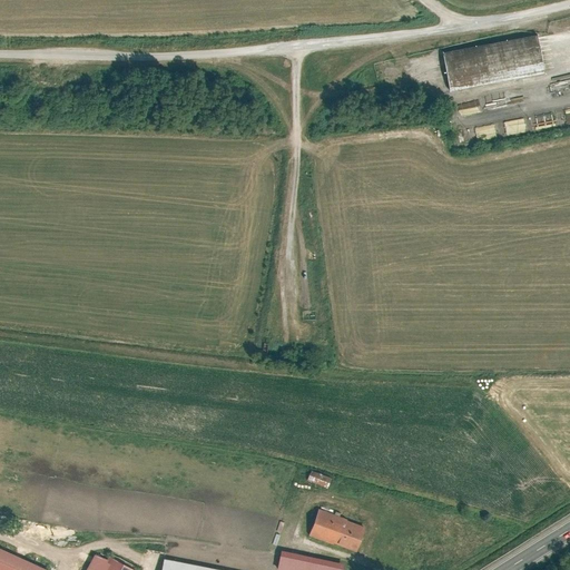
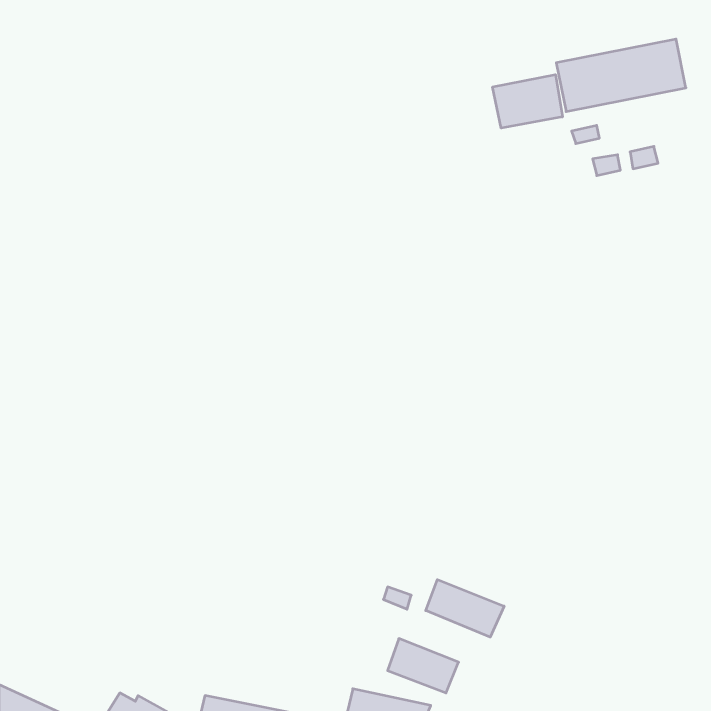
building: none -> [493,75,562,128]
building: none -> [426,580,504,637]

